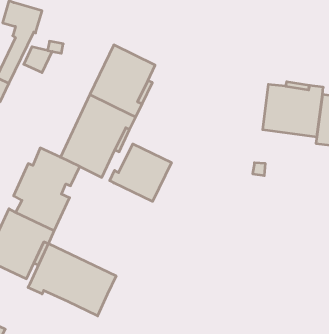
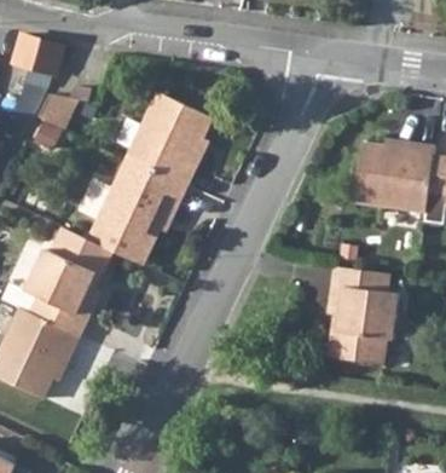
building: [110,144,171,201] -> none
building: none -> [326,266,398,364]
building: [28,243,116,316] -> none

